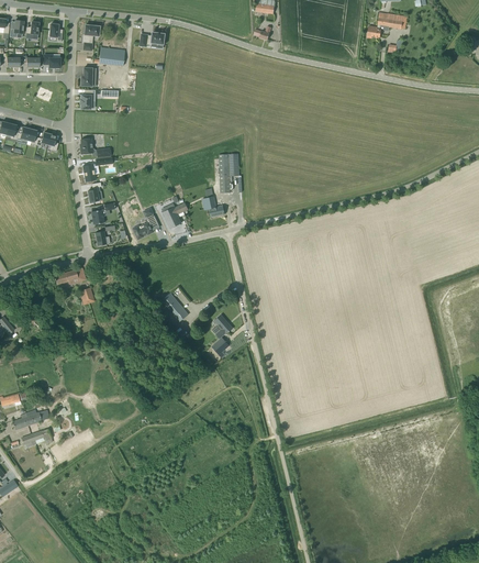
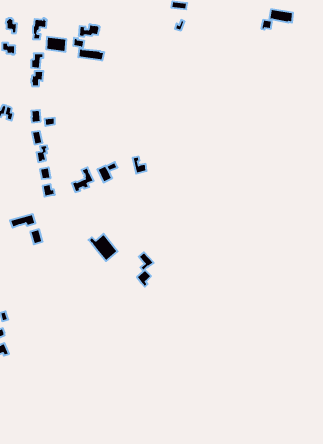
building: none -> [73,38,104,61]
building: [219,153,238,192] -> none

